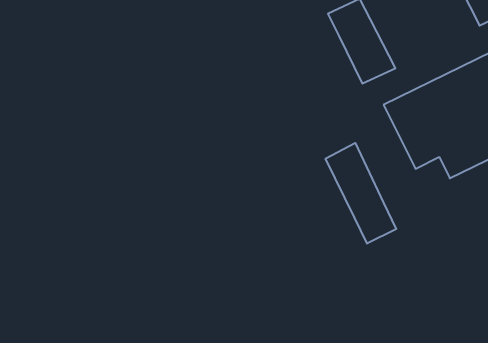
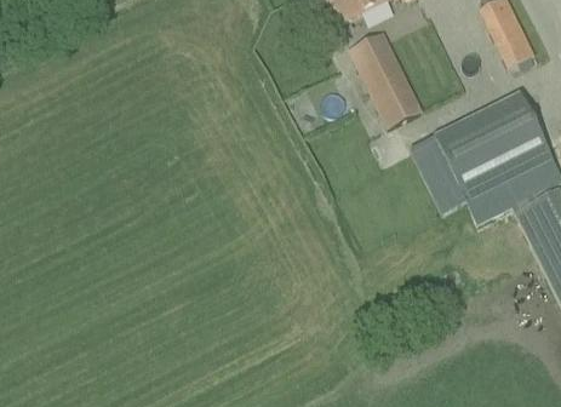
building: [326,143,396,244] -> none

